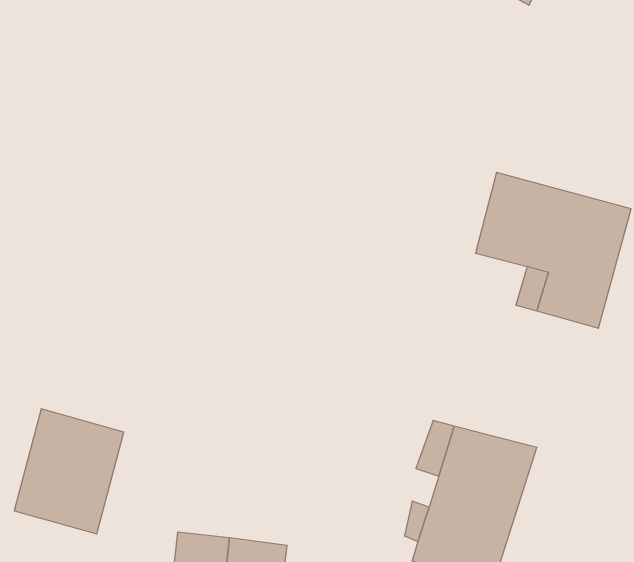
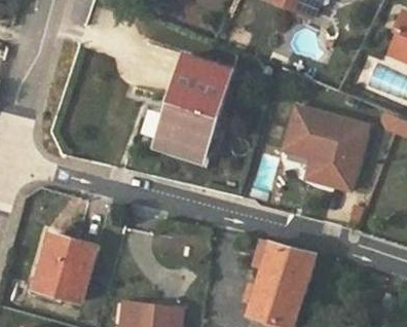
building: none -> [153,57,232,165]

